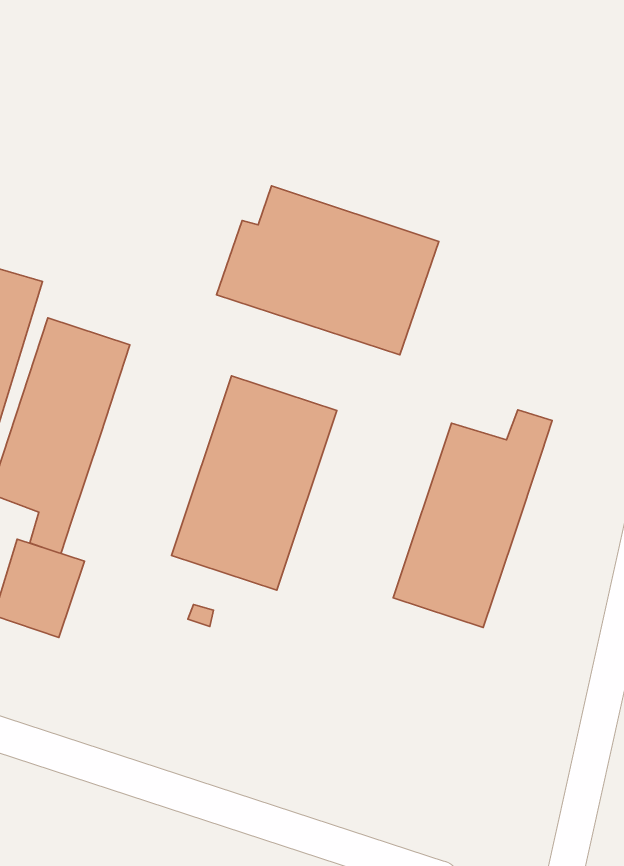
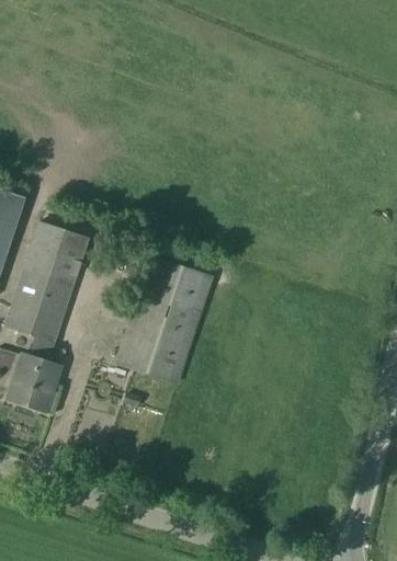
building: [216,186,439,355] -> none
building: [393,410,552,628] -> none

